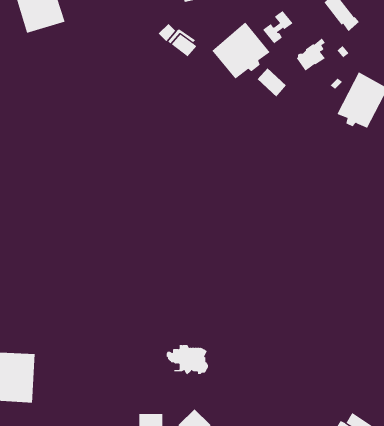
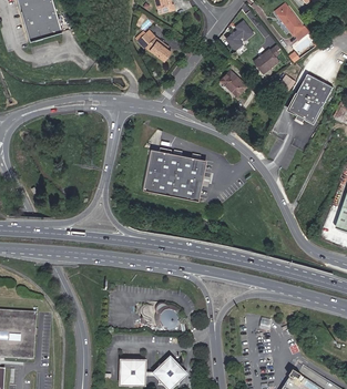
building: [212,22,271,80] -> none
building: none -> [140,147,205,202]

